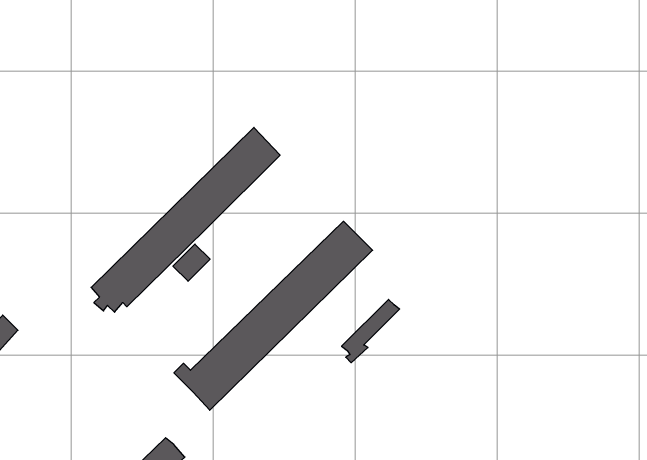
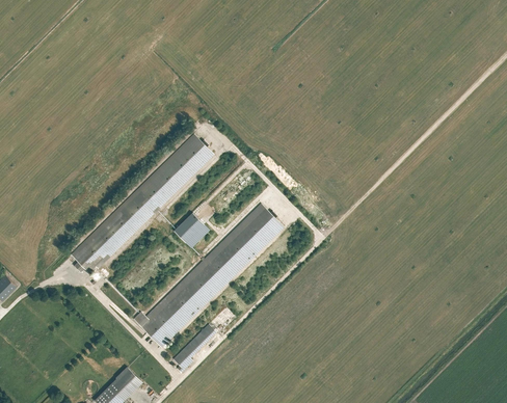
building: [173,244,210,281] -> [174,213,202,241]
building: [342,299,400,363] -> [172,323,216,371]

